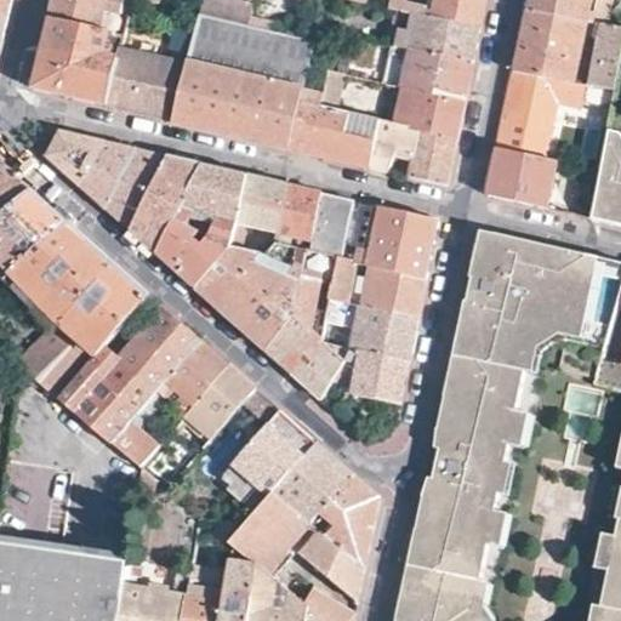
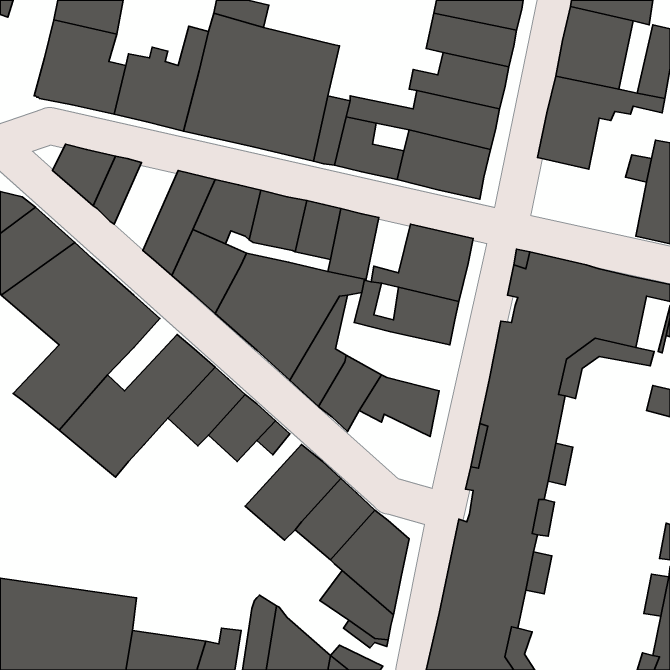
building: [485,146,553,207] -> none
building: [106,150,165,232] -> none
building: [353,307,416,361] -> none
building: [107,411,160,466] -> none
building: [224,490,309,571] -> none

